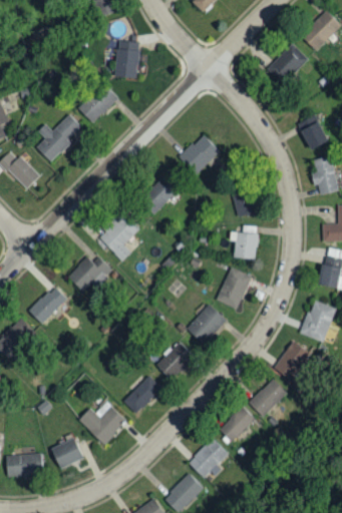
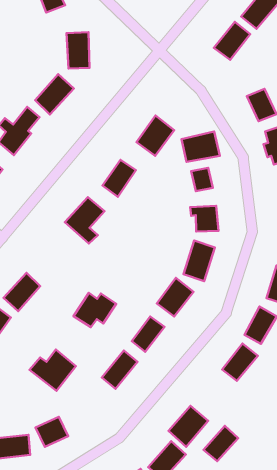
building: none -> [181,132,220,162]
building: [67,254,112,291] -> [74,293,116,327]
building: [78,401,126,444] -> [30,349,76,391]
building: [219,405,256,441] -> [203,426,238,461]

